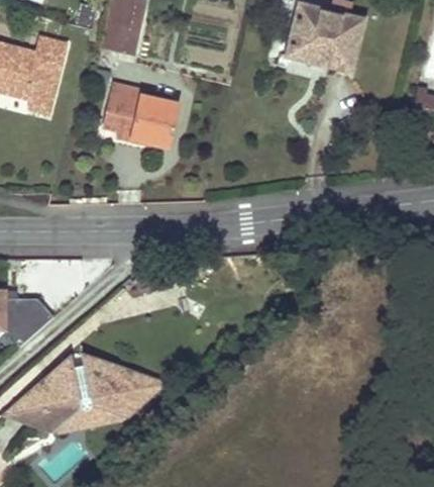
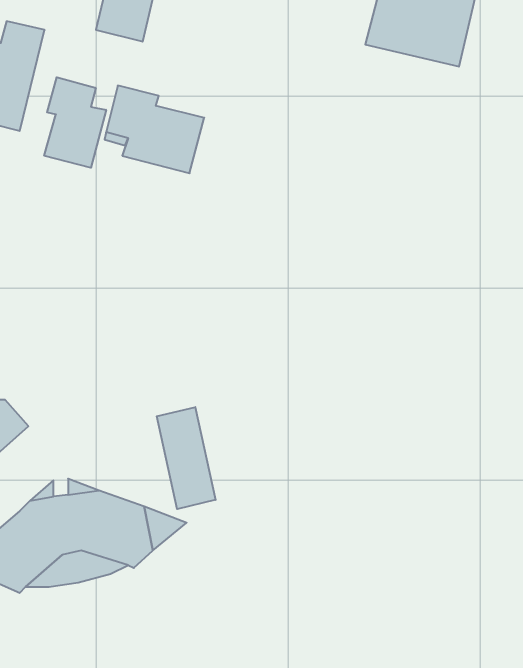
building: none -> [44,77,106,168]
building: none -> [157,407,216,509]

